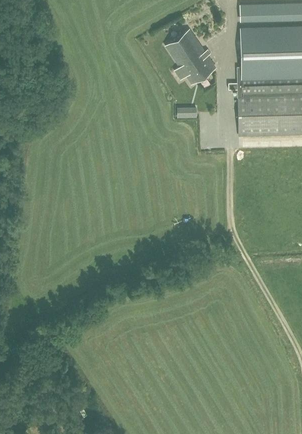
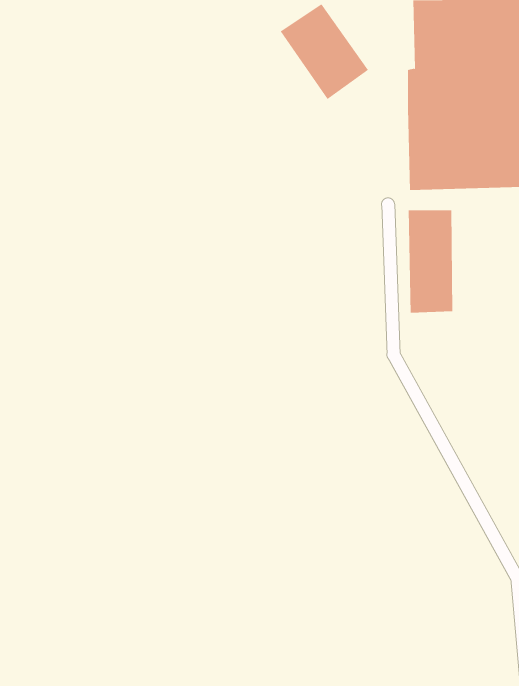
building: none -> [408,209,453,314]

